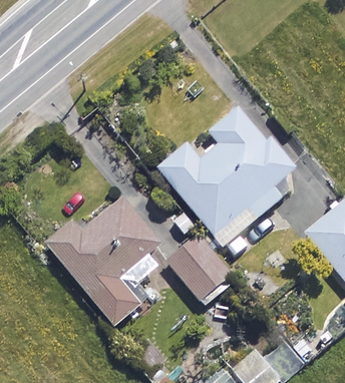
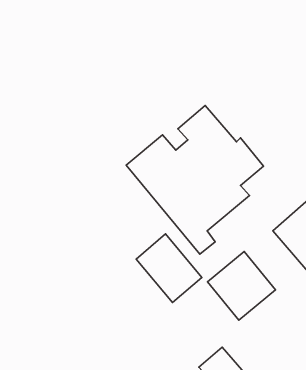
building: [46,199,160,326] -> none
building: none -> [208,252,275,320]

